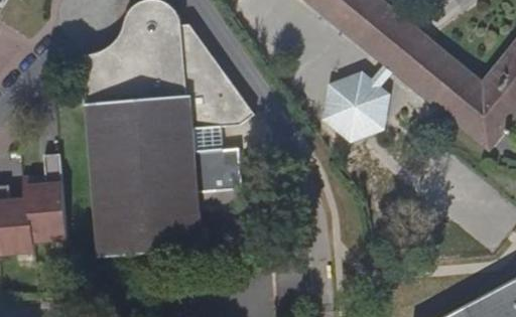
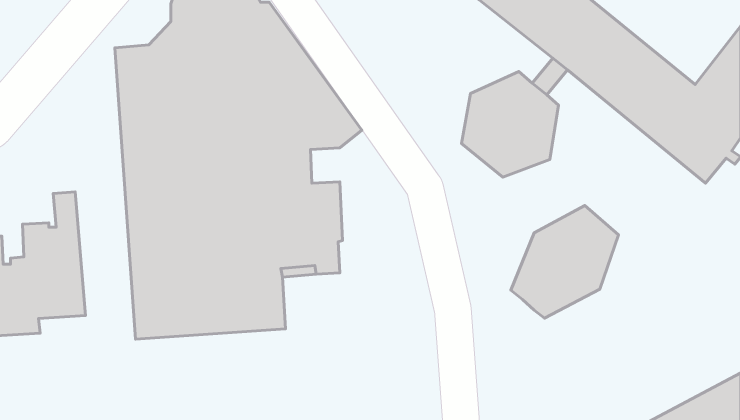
building: none -> [511,205,619,318]

